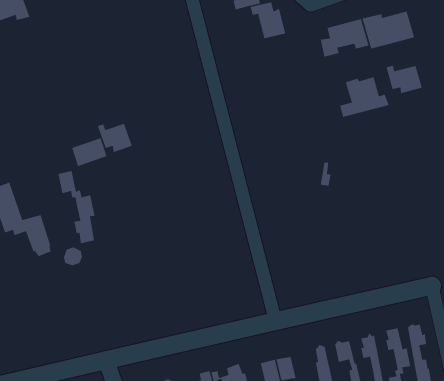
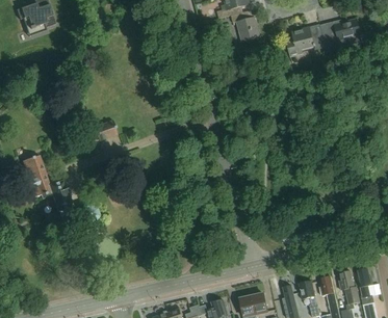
building: [385,65,423,94] -> none
building: [339,76,390,118] -> none
building: [97,123,133,153] -> none
building: [58,170,95,244] -> none

